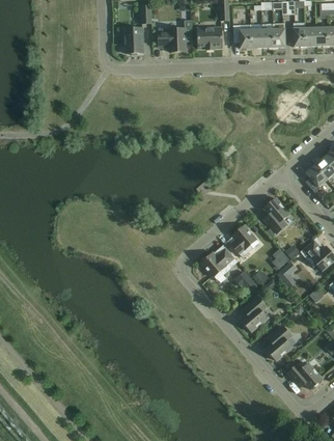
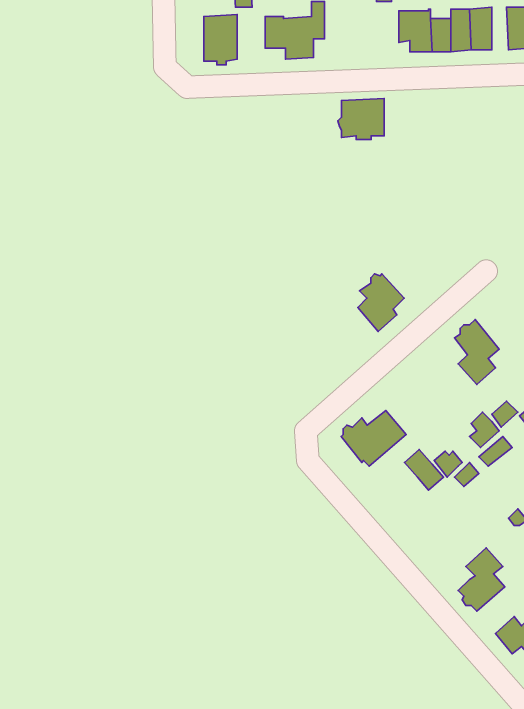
building: [195,27,221,50] -> [338,99,384,139]
building: [230,225,256,257] -> [358,274,404,332]
building: [241,296,267,331] -> none

